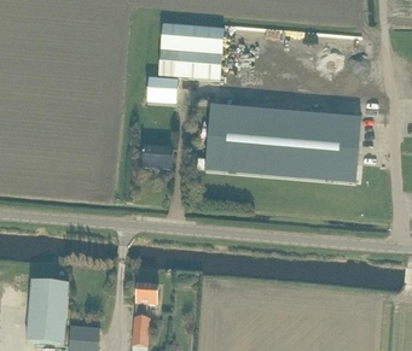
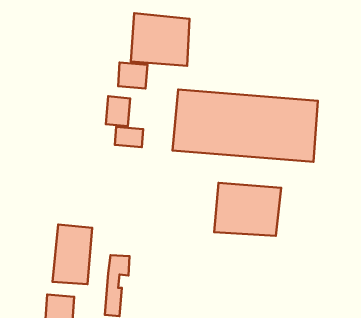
building: none -> [106,96,130,126]
building: none -> [214,183,281,236]
building: [25,279,68,343] -> [53,224,92,284]

